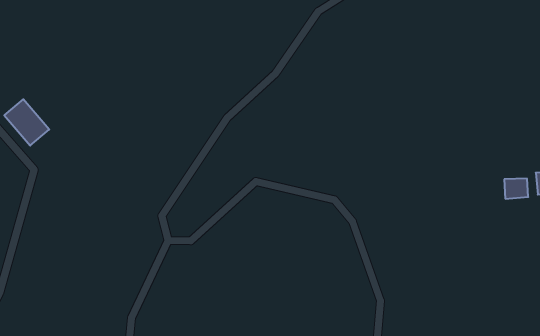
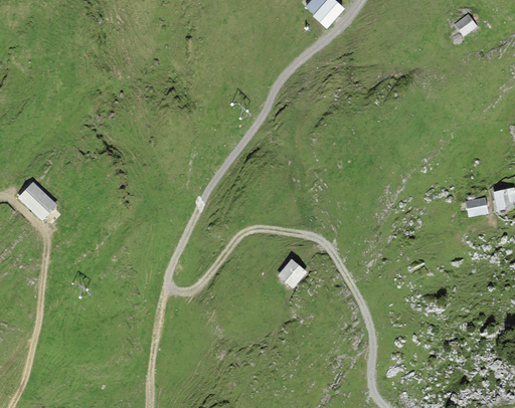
building: none -> [277,260,306,290]

